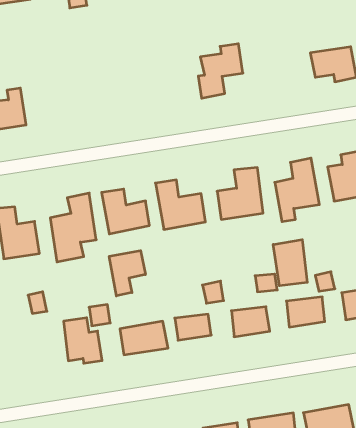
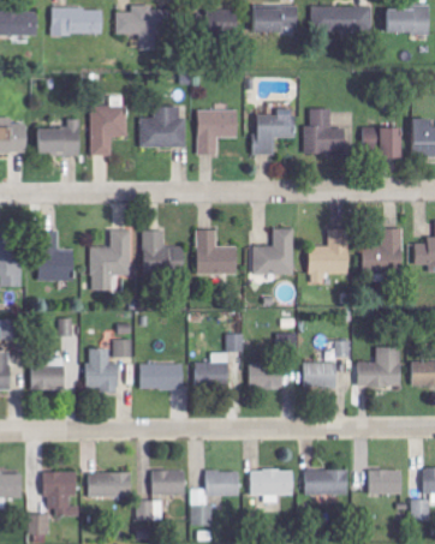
building: none -> [303,108,348,153]
building: none -> [196,109,237,154]
building: none -> [139,106,185,147]
building: none -> [89,106,126,155]
building: [273,240,307,286] -> none
building: [109,251,145,296] -> none
building: none -> [30,357,65,389]

